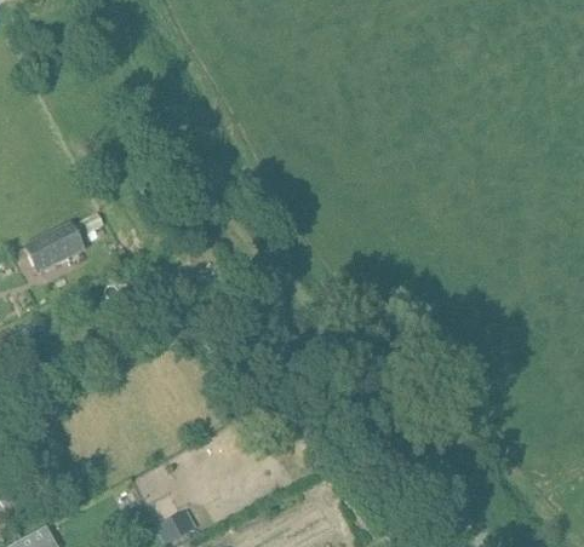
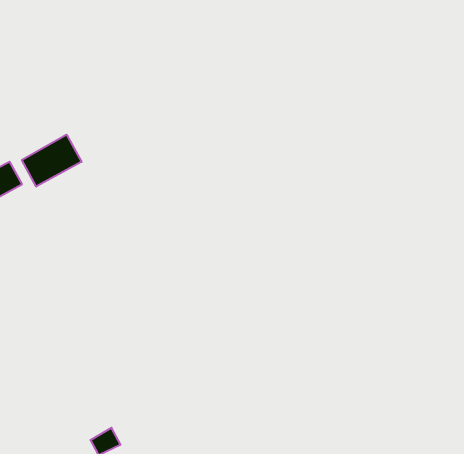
building: none -> [22,135,82,187]

